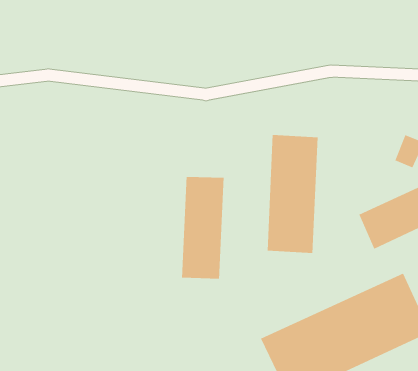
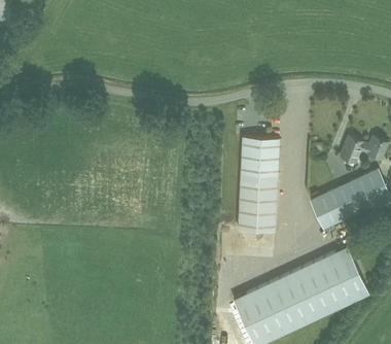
building: [182,176,224,280] -> none

